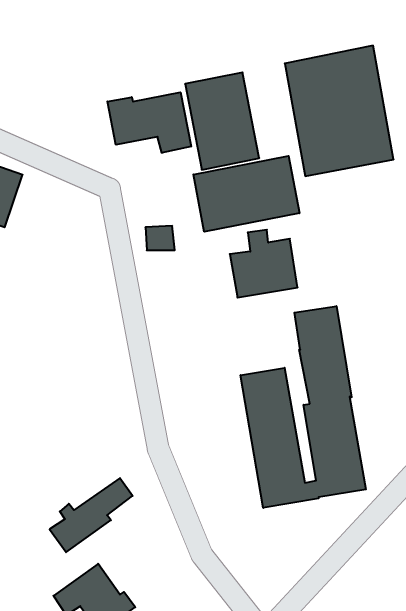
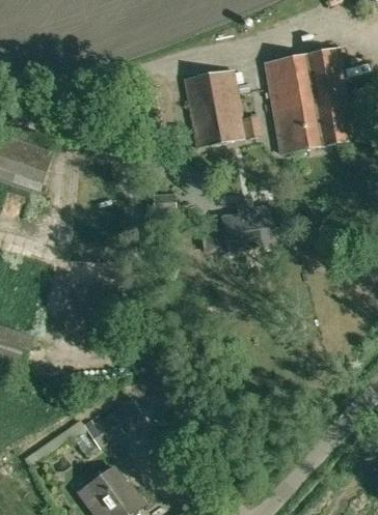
building: [107,92,191,153] -> none
building: [193,156,299,232] -> none
building: [241,306,366,508] -> none

